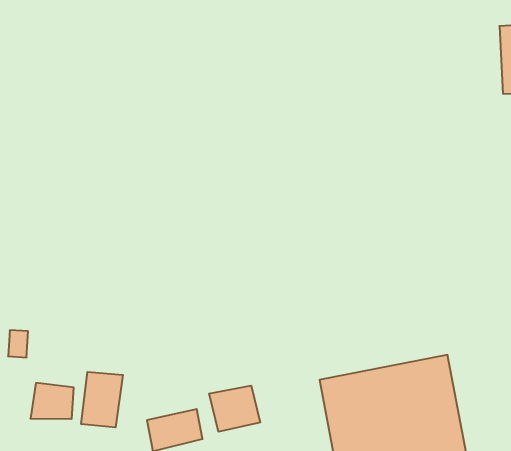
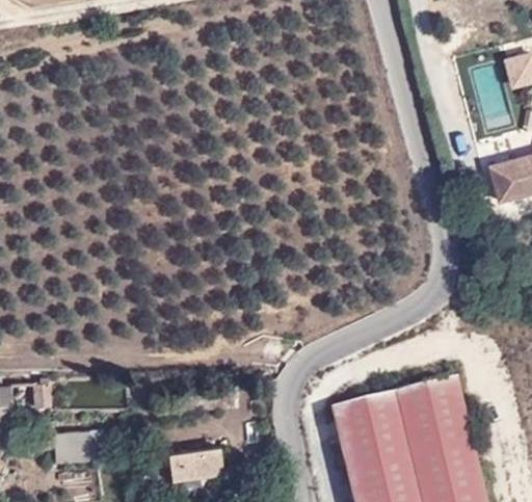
building: [81,372,123,427] -> none
building: [209,386,260,432] -> none

